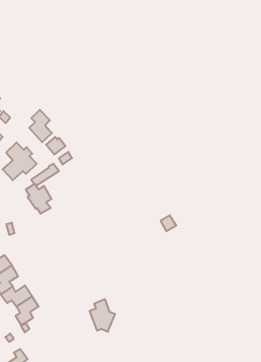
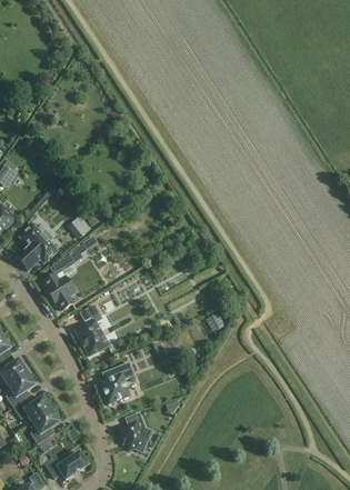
building: [29,110,52,142] -> none
building: none -> [76,304,108,354]
building: none -> [99,361,133,403]
building: none -> [44,446,88,479]

